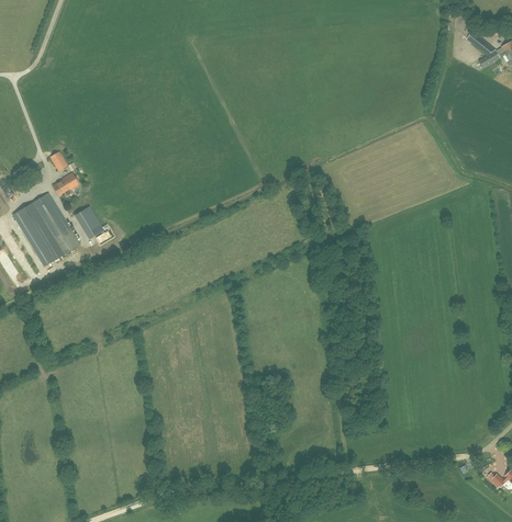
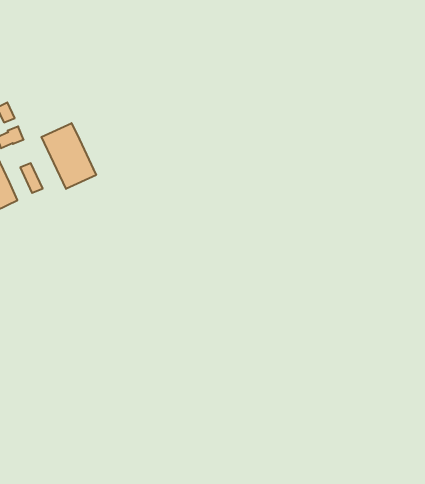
building: none -> [41,123,96,189]

